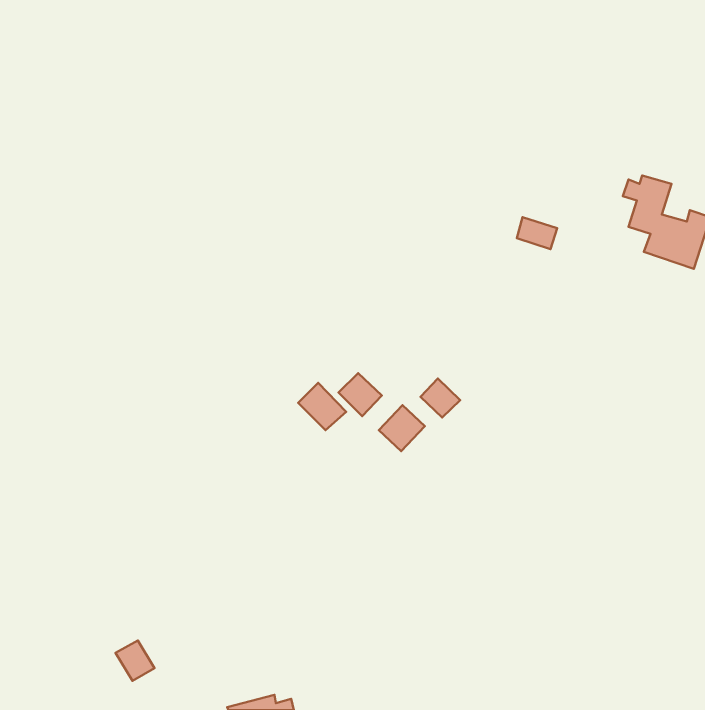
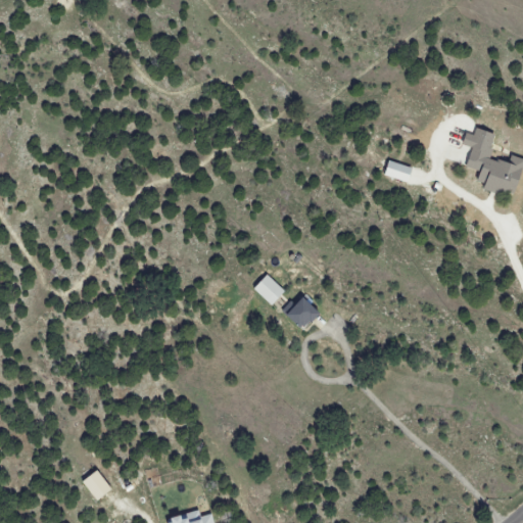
building: [420,378,460,417] -> none
building: [298,383,346,430] -> none

